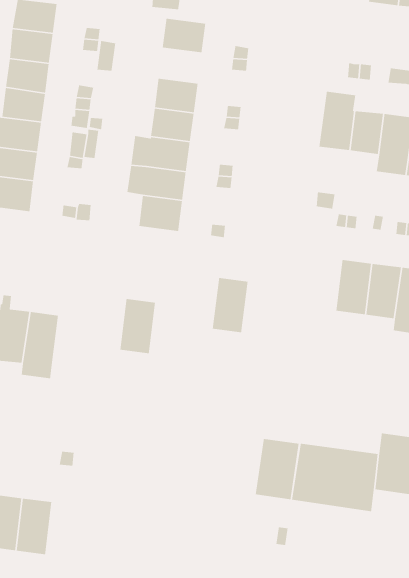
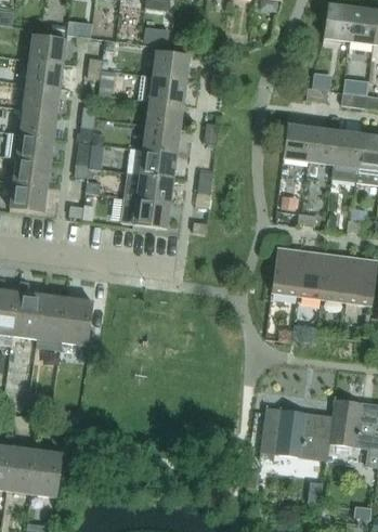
building: none -> [138,75,186,105]
building: [212,277,248,333] -> [272,248,302,295]
building: [119,298,156,354] -> [62,298,92,345]
building: [255,438,299,500] -> none

